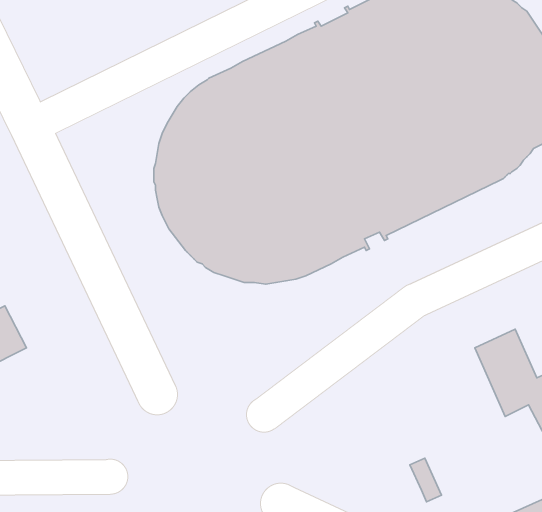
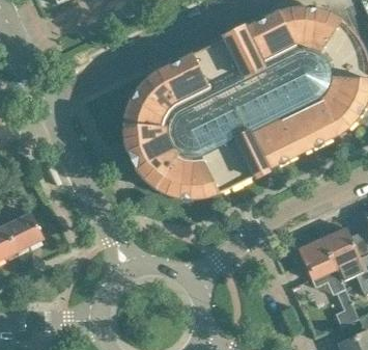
building: none -> [294,238,357,325]

